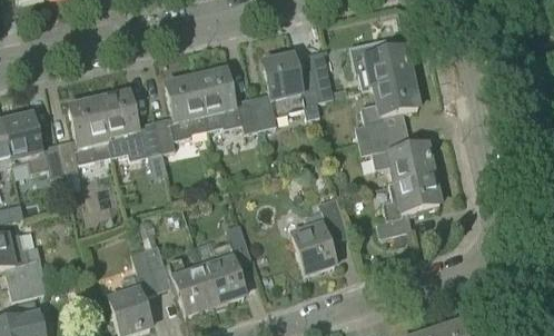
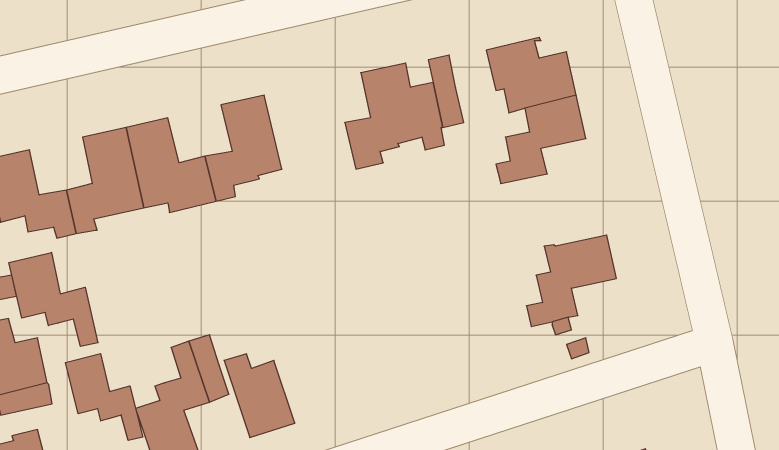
building: [196,70,259,130] -> none
building: [359,131,433,181] -> none
building: none -> [9,252,98,346]
building: [291,195,347,275] -> none
building: [202,221,251,304] -> none
building: none -> [65,354,143,440]

